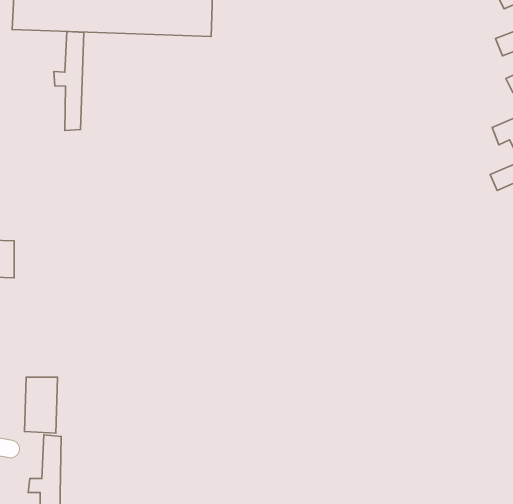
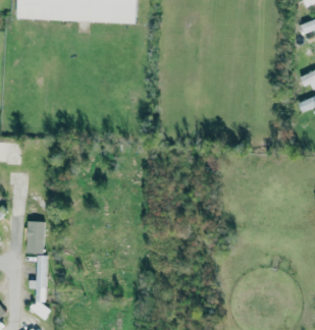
building: [54,32,84,130] -> none

